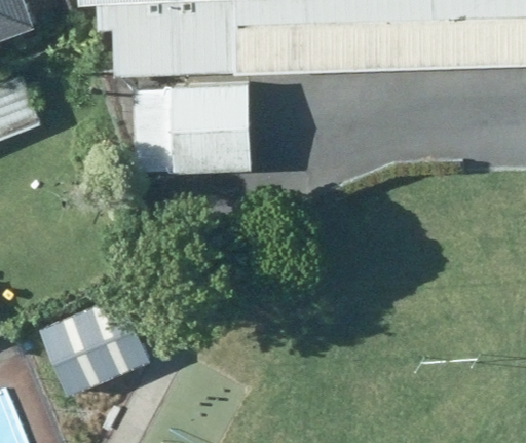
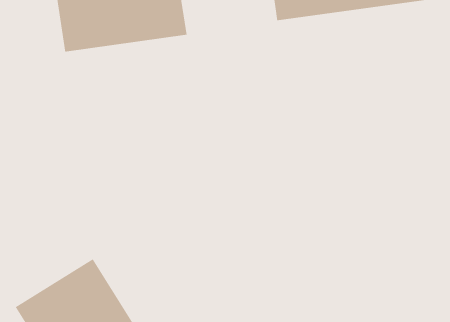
building: [164,81,249,173] -> none

